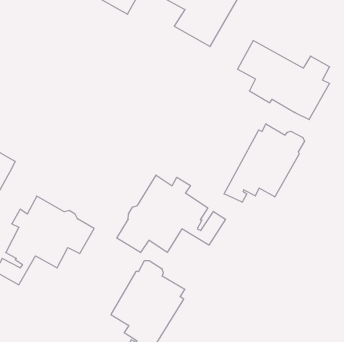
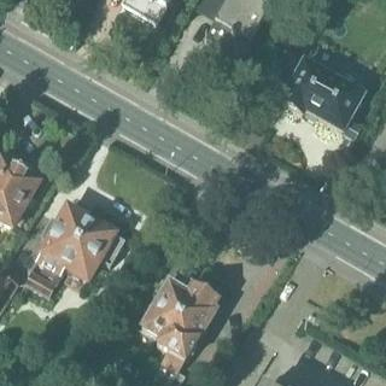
building: [224,124,305,202] -> none
building: [117,175,225,253] -> none

